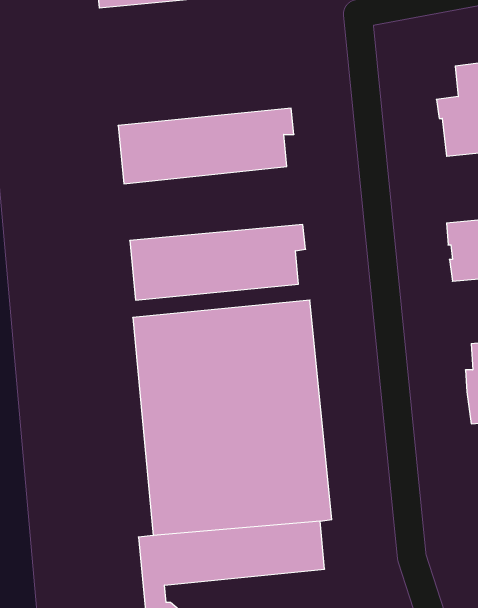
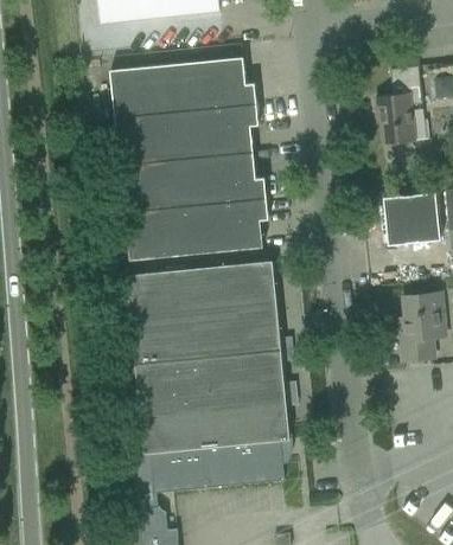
building: none -> [110,57,256,118]
building: none -> [120,152,266,212]

